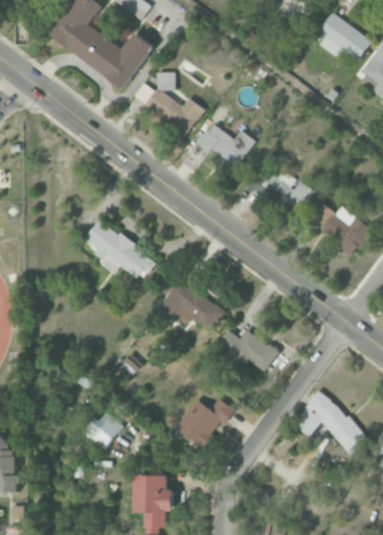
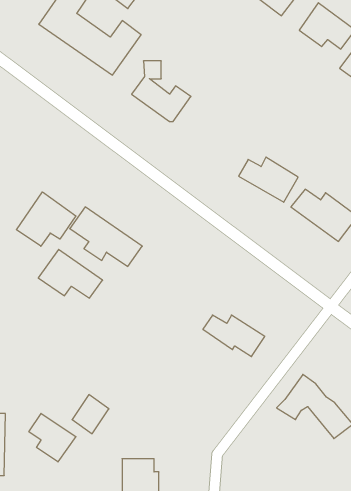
building: [198,123,254,167] -> none
building: none -> [16,192,76,246]
building: [157,280,222,329] -> [38,249,103,298]
building: [173,397,232,448] -> none
building: none -> [29,413,76,462]

